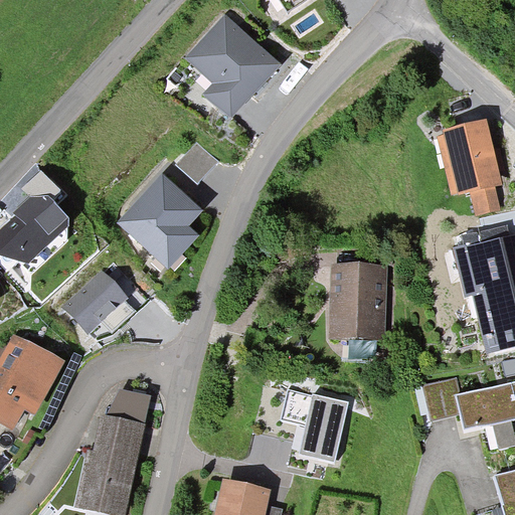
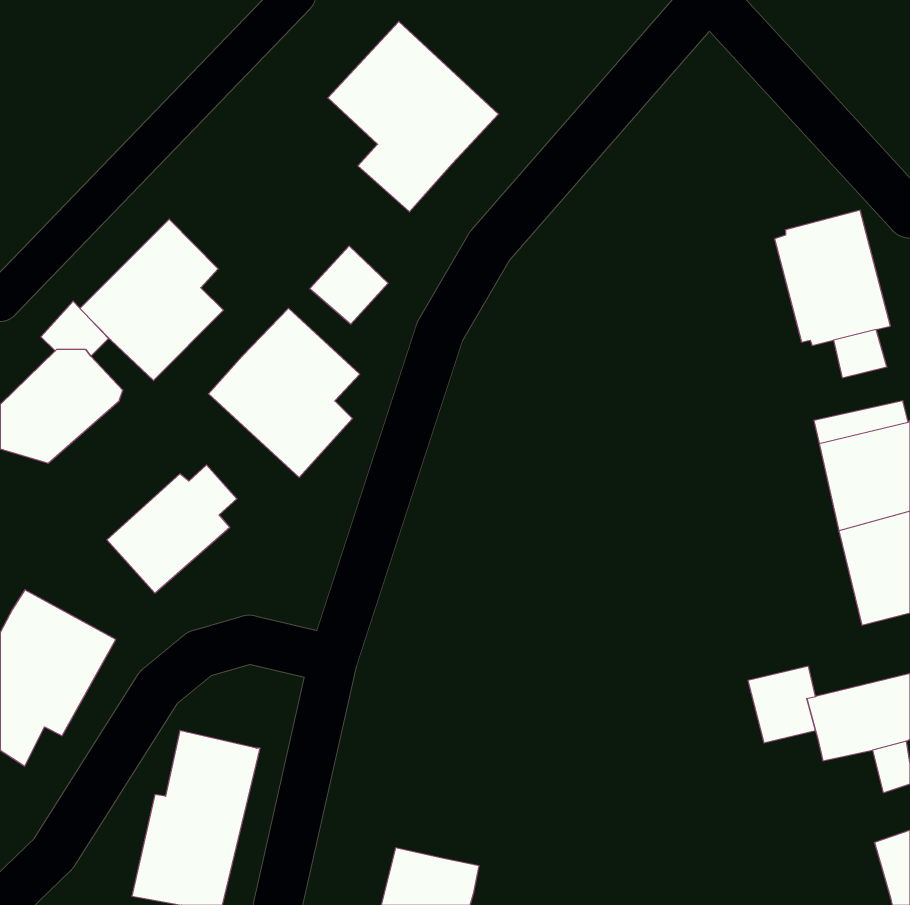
building: none -> [80,219,224,381]
building: [329,264,388,340] -> none
building: [106,387,151,422] -> none
building: [282,388,348,462] -> none

